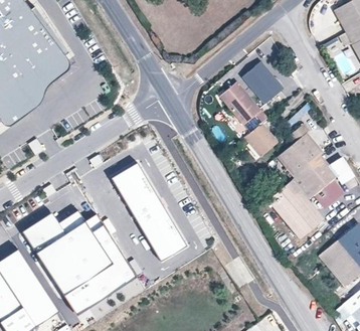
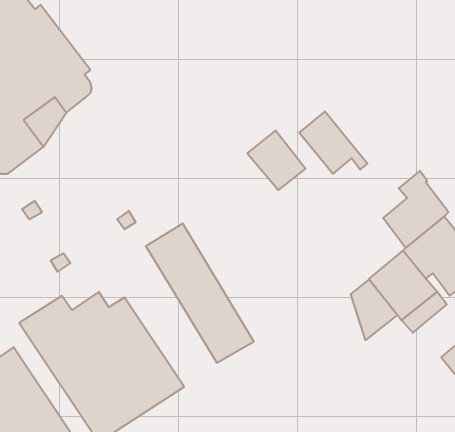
building: [241,61,283,104] -> [247,130,305,190]
building: [243,123,278,157] -> none
building: none -> [351,280,397,340]

